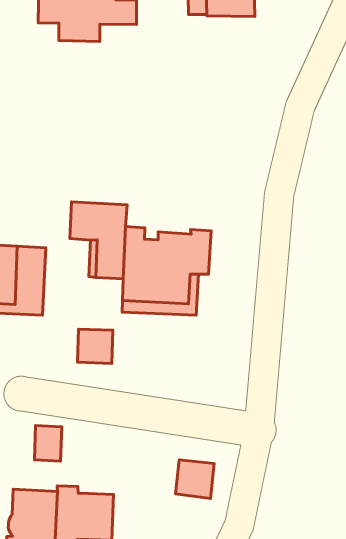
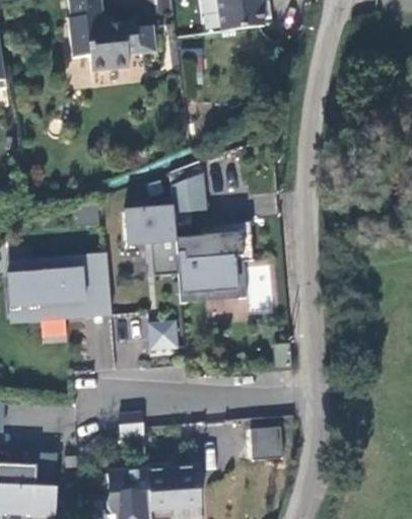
building: none -> [171,172,207,211]

